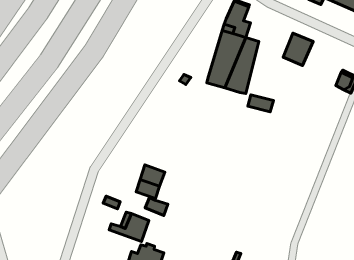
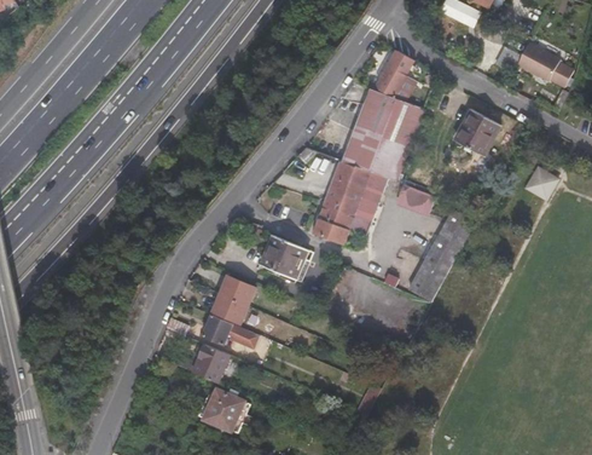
building: none -> [309,167,383,248]
building: none -> [406,212,466,301]
building: none -> [259,232,309,280]
building: none -> [209,316,240,347]

